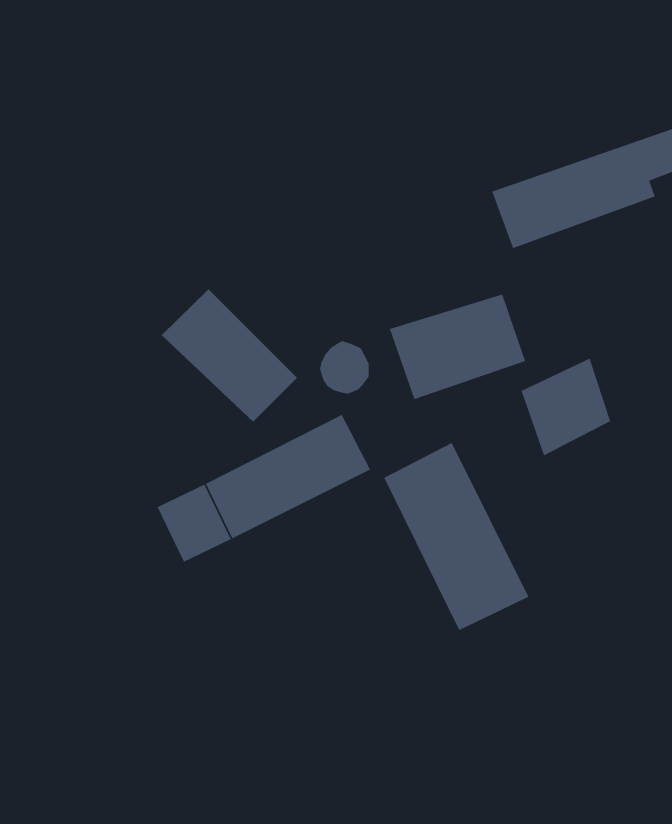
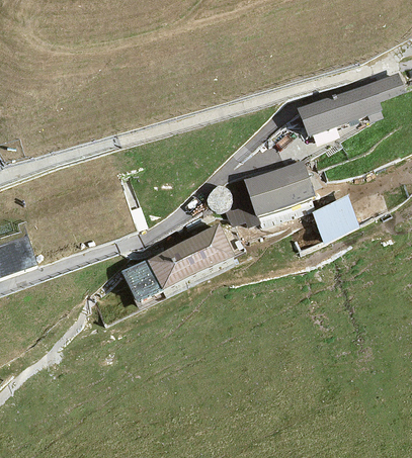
building: [161,288,298,422] -> none
building: [383,442,530,631] -> none

